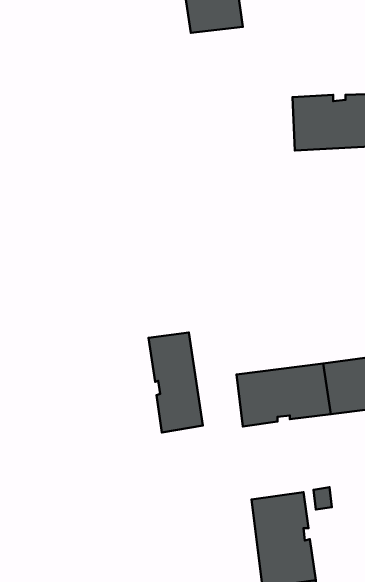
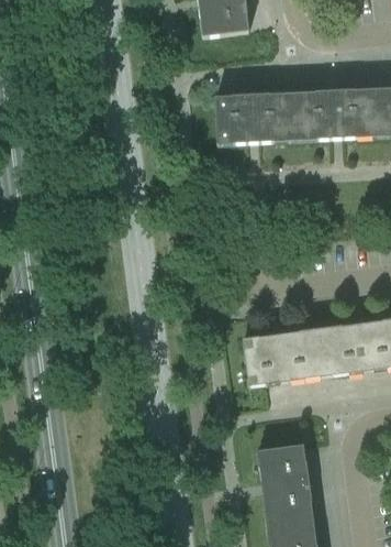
building: none -> [214,91,294,142]
building: [148,333,203,433] -> none

